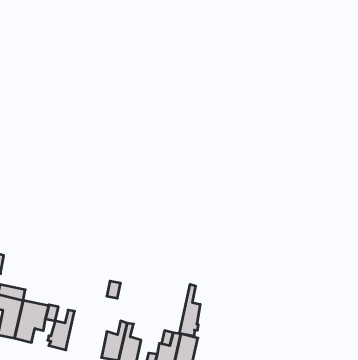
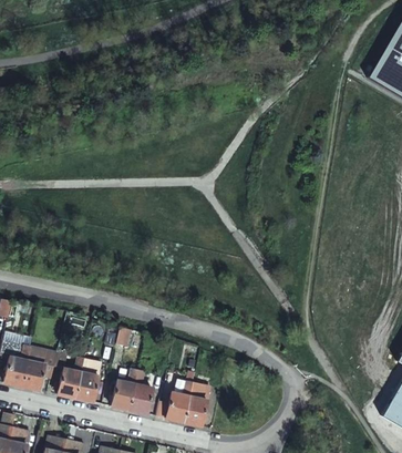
building: [179,284,200,336] -> none
building: none -> [75,359,103,402]

